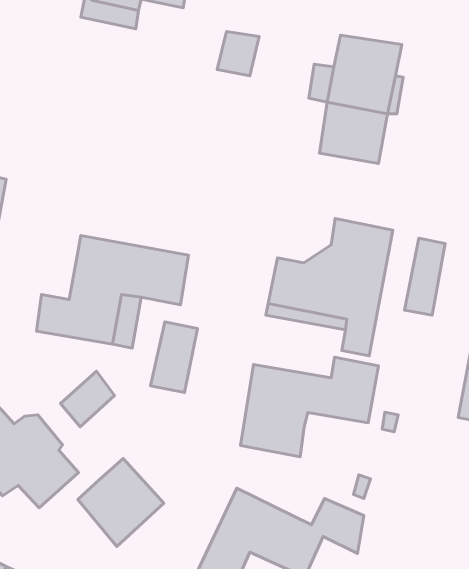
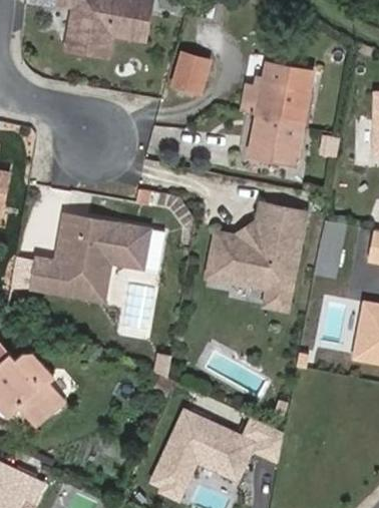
building: [240,357,378,457] -> none
building: [61,371,115,427] -> none
building: [78,458,164,546] -> none

